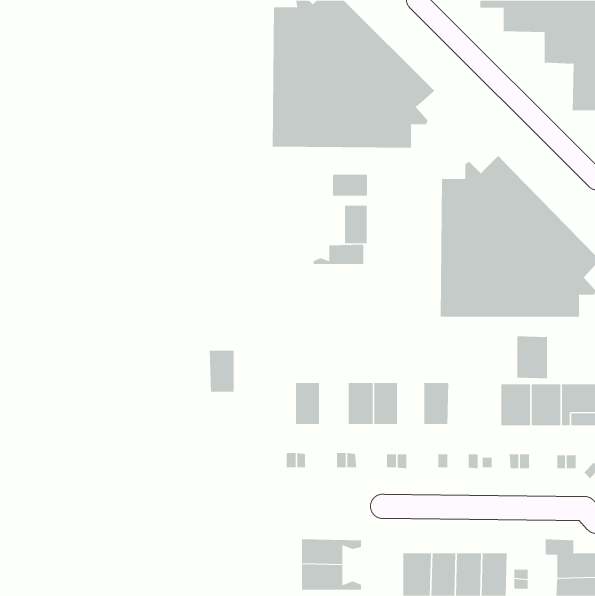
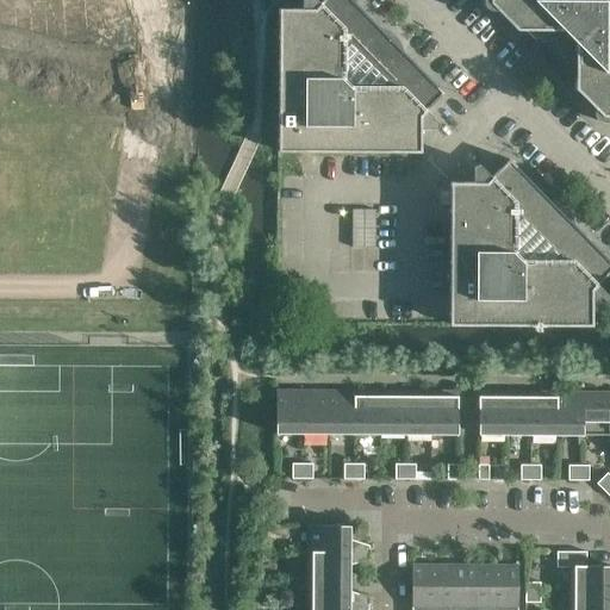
building: [333,174,367,197] -> none
building: [313,244,364,265] -> none
building: [516,336,548,379] -> [480,391,512,435]
building: [209,350,235,392] -> [276,391,303,434]
building: none -> [328,391,356,434]
building: none -> [407,391,434,434]
building: none -> [309,524,371,552]

